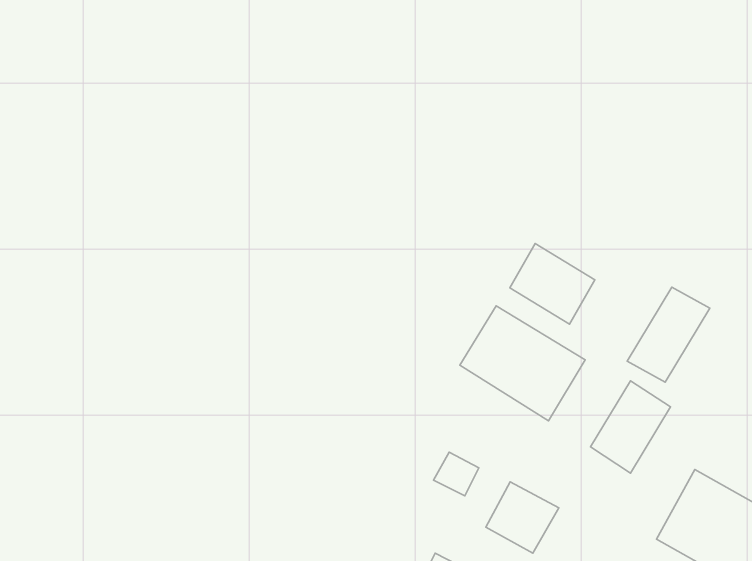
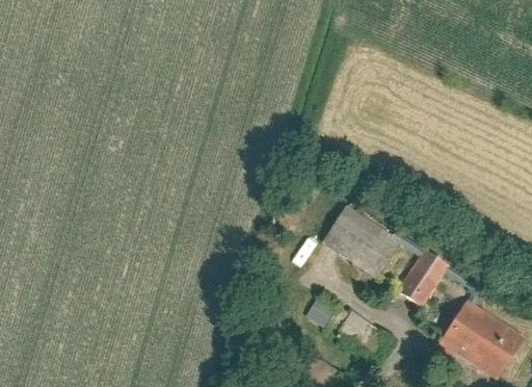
building: [510,244,595,324] -> none
building: [627,287,710,382] -> none

